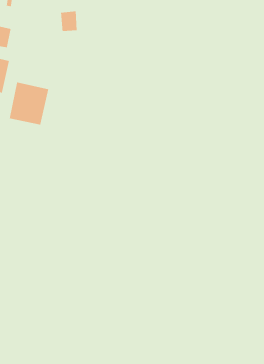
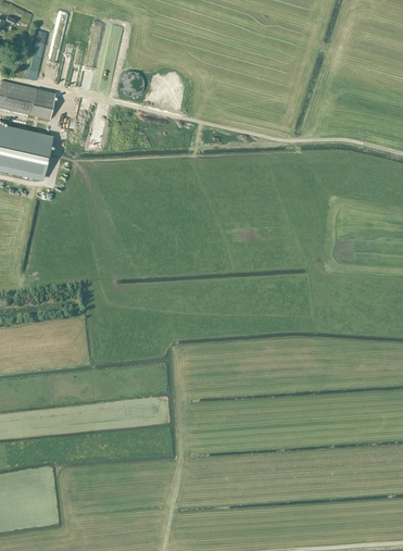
building: [9,82,49,126] -> none

